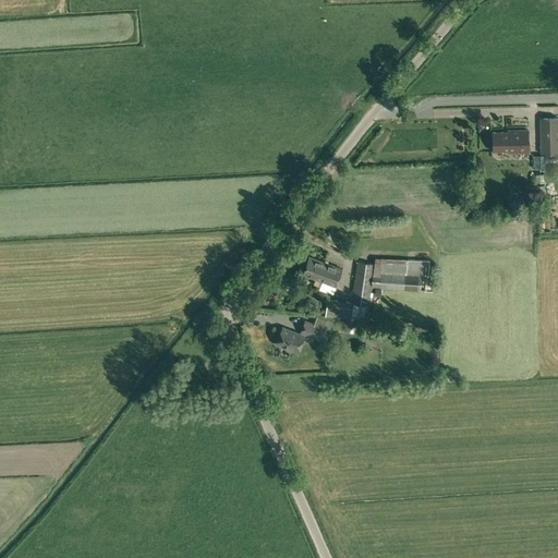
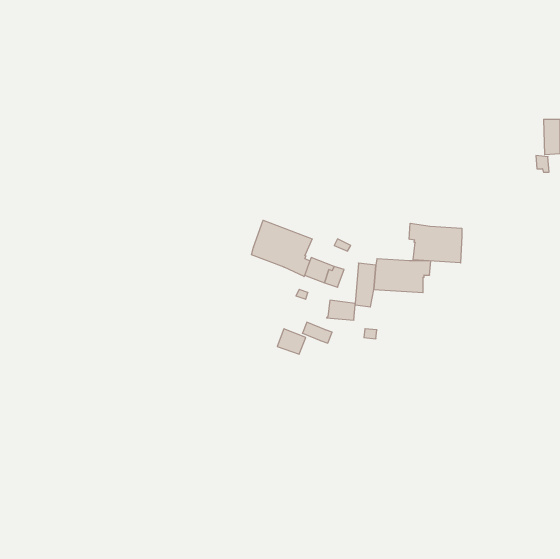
building: [493,131,529,154] -> none
building: none -> [251,220,312,277]
building: none -> [409,223,462,263]

